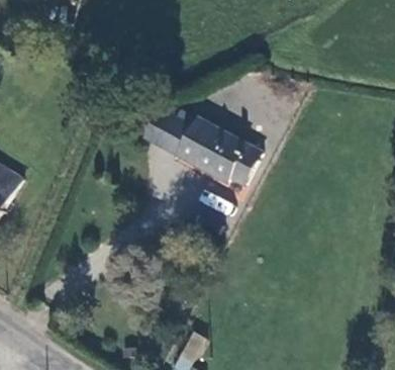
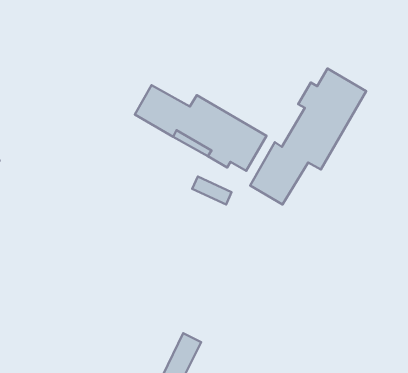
building: none -> [250,69,366,205]

